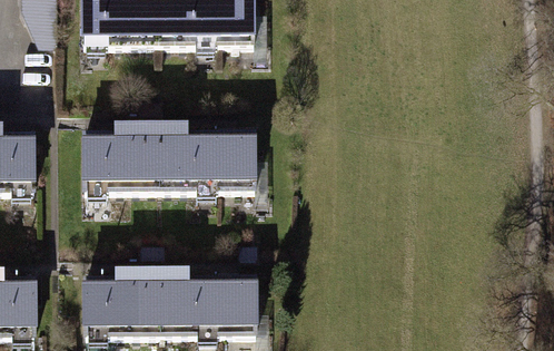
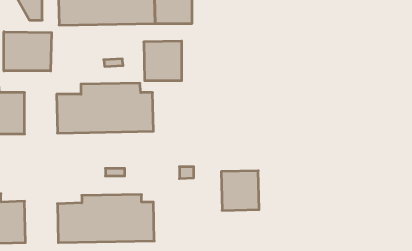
building: none -> [4,32,52,71]
building: [205,135,255,187] -> [144,41,182,81]
building: [206,280,256,332] -> [221,171,259,210]

